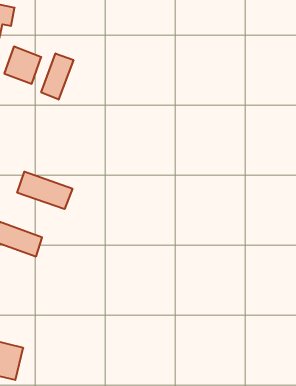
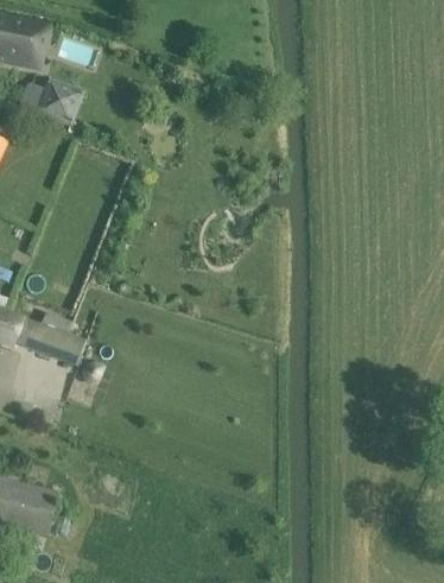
building: [41,53,73,100] -> none
building: [17,172,72,209] -> none

